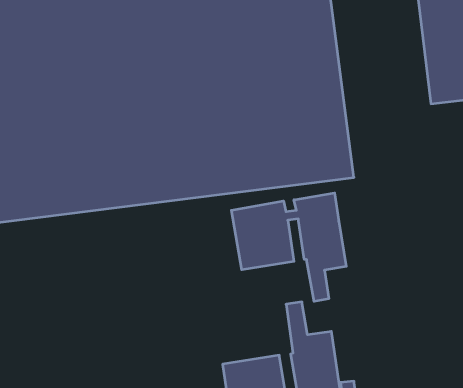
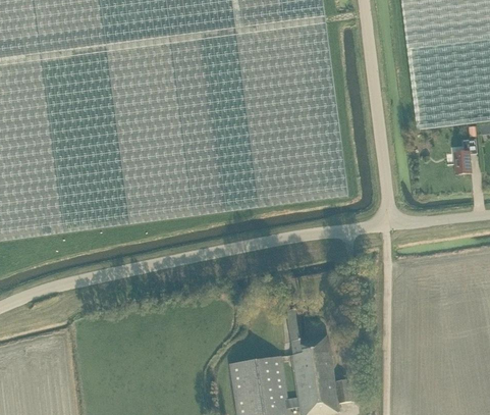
building: [231,193,346,301] -> none

